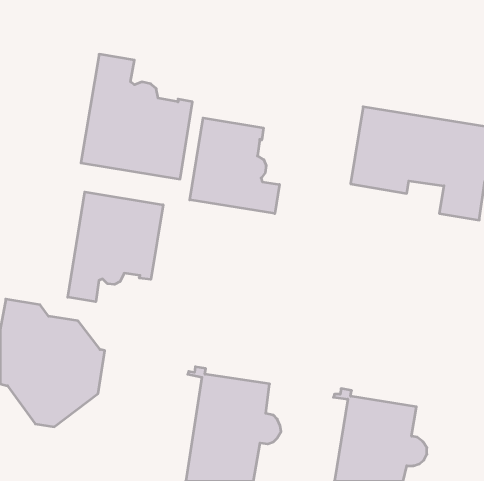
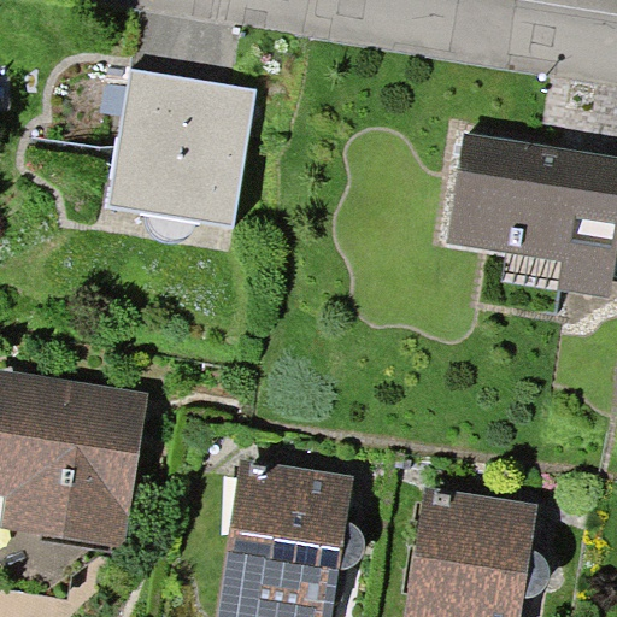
building: [190,118,279,214] -> none
building: [68,192,163,302] -> none

